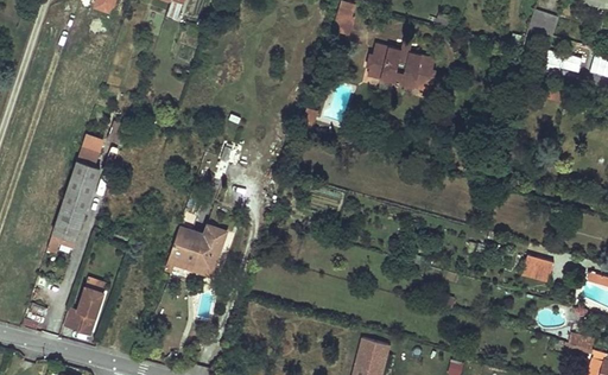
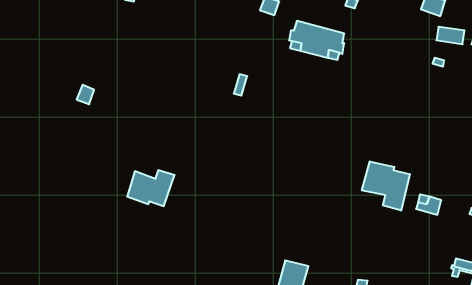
building: [52,134,102,240] -> none
building: none -> [362,161,410,211]
building: [63,287,104,333] -> none

